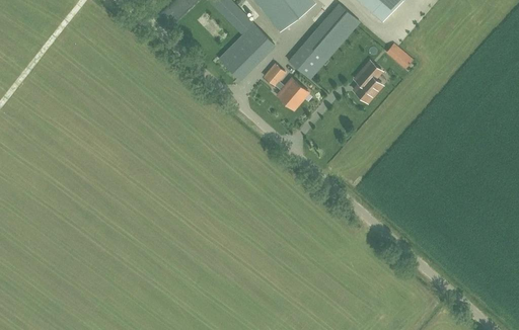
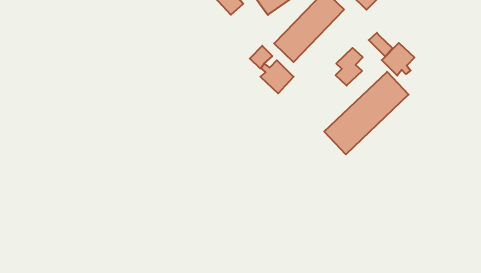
building: [219,24,274,79] -> none
building: none -> [382,43,414,76]
building: none -> [324,72,409,154]

